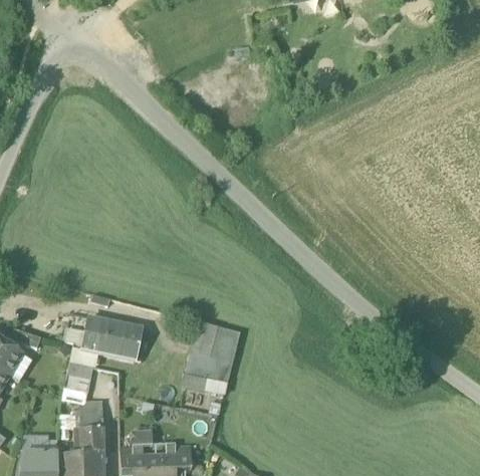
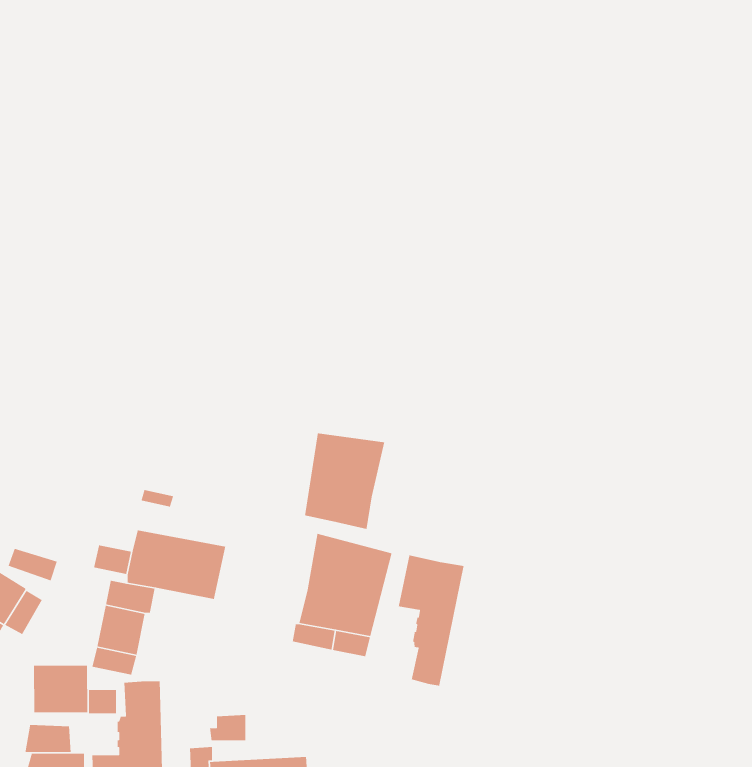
building: none -> [304,433,385,530]
building: none -> [398,554,464,686]
building: none -> [33,665,88,713]

